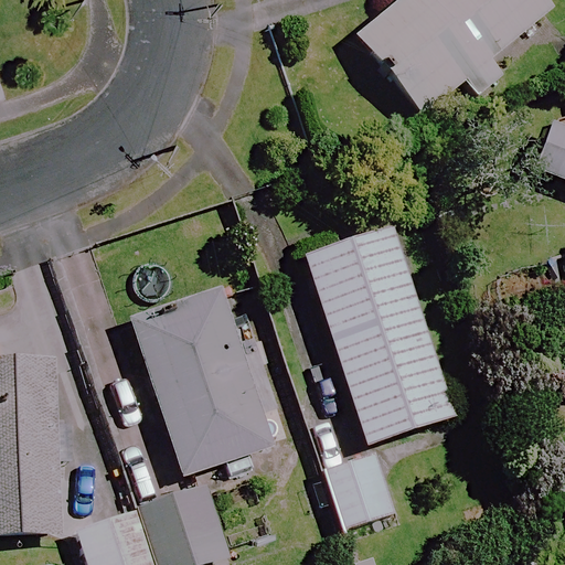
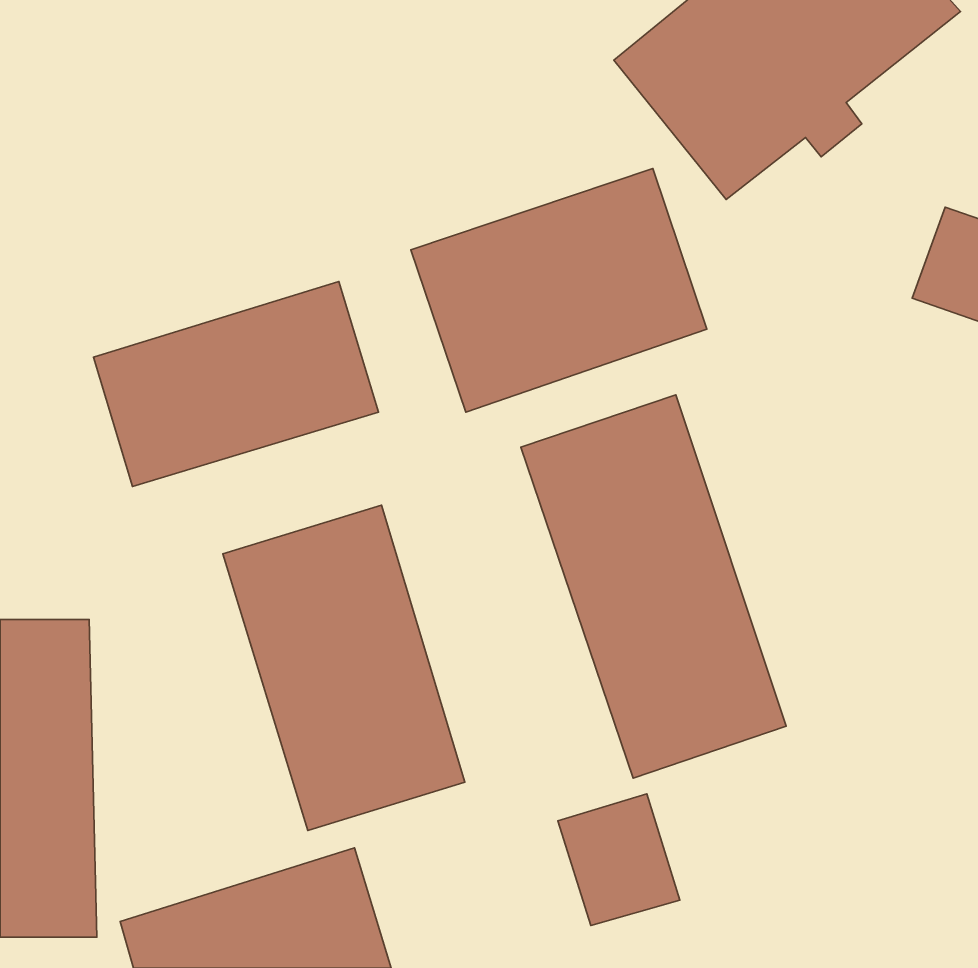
building: none -> [411,169,707,412]
building: none -> [94,281,378,486]

